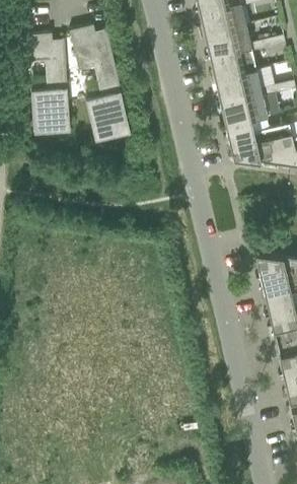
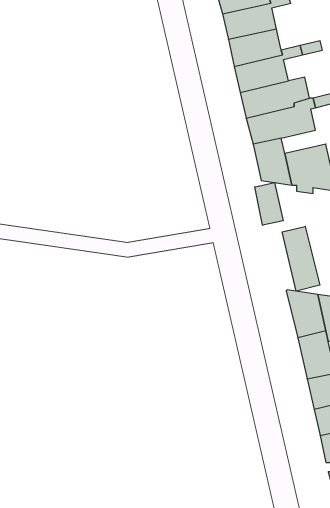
building: [70,27,131,142] -> none
building: [27,36,70,134] -> none
building: none -> [255,183,283,225]
building: none -> [282,226,320,291]

